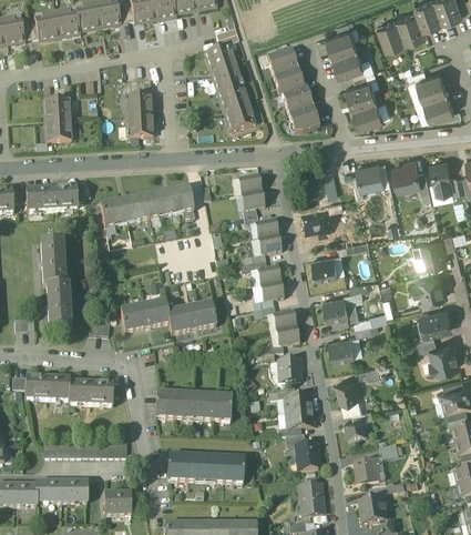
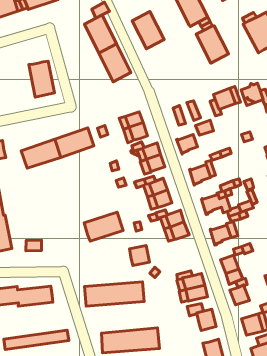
building: [283,85,320,131] -> none
building: [122,297,171,331] -> none
building: [278,357,301,381] -> [130,246,150,266]

